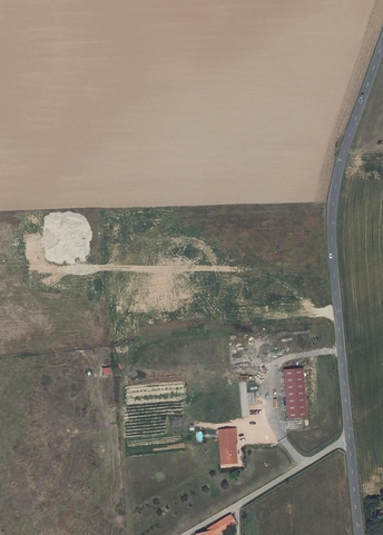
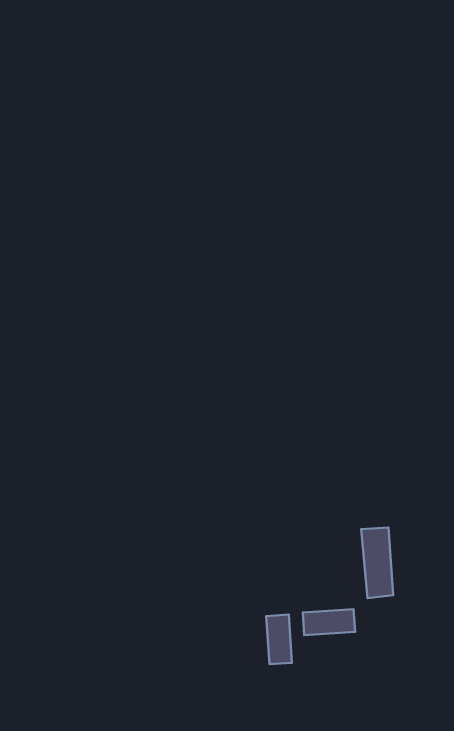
building: none -> [303,609,355,635]

